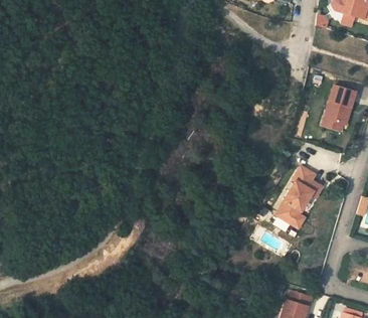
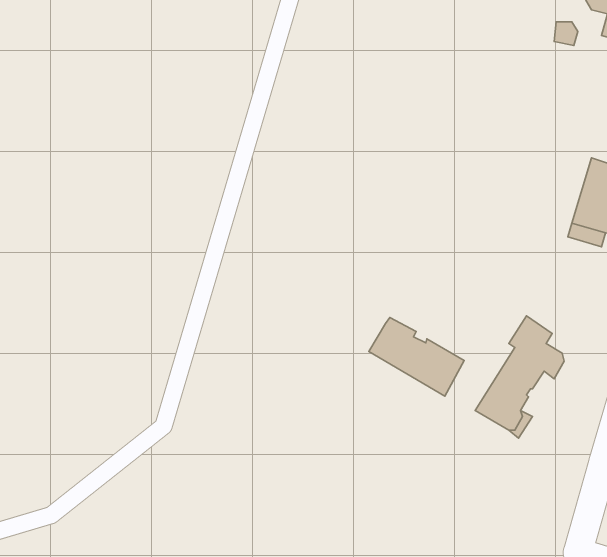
building: none -> [369,317,464,396]

